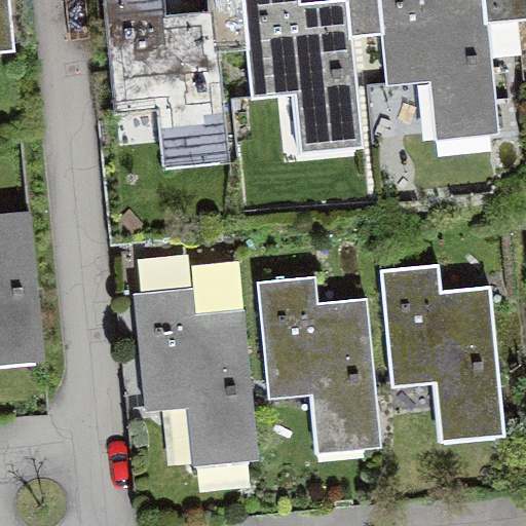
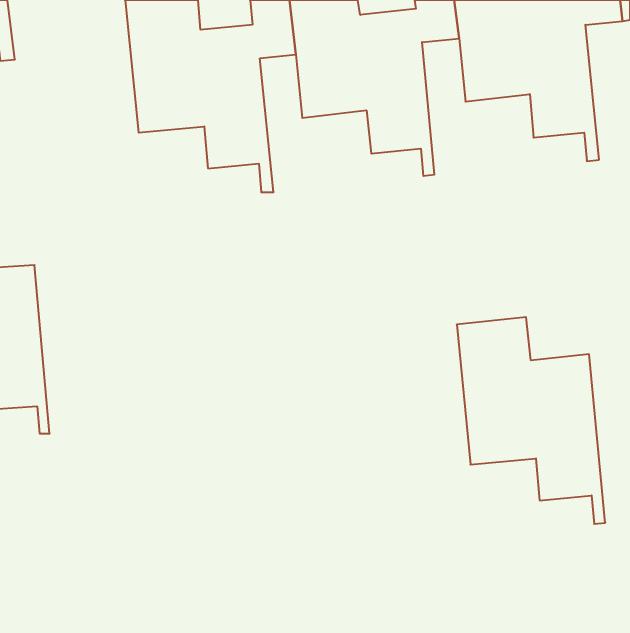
building: [256,276,379,447] -> none
building: [134,288,256,458] -> none

